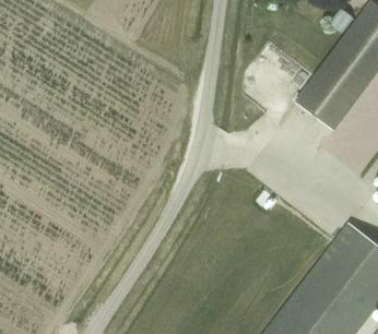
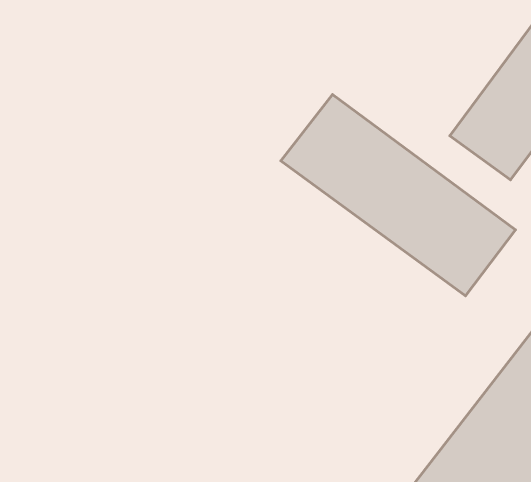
building: none -> [281,94,515,296]

